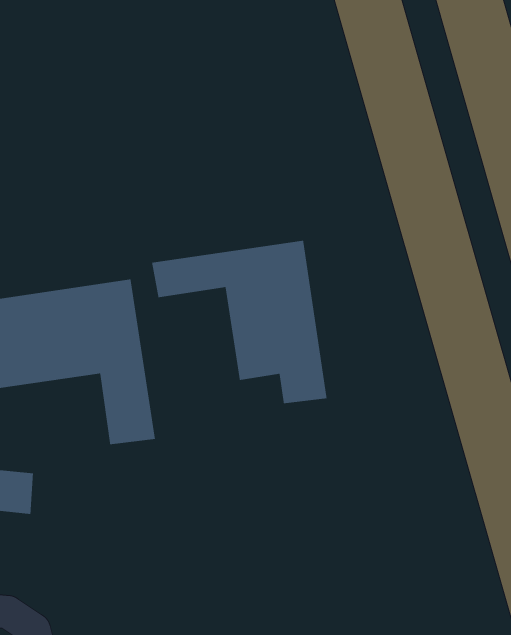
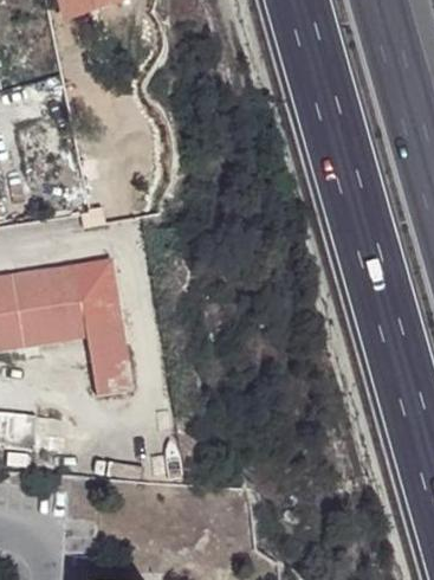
building: [151,240,328,404] -> none

